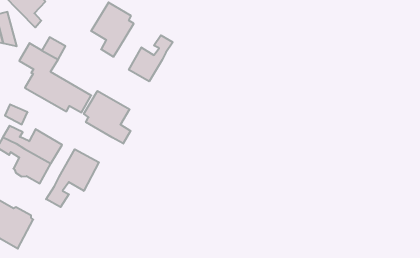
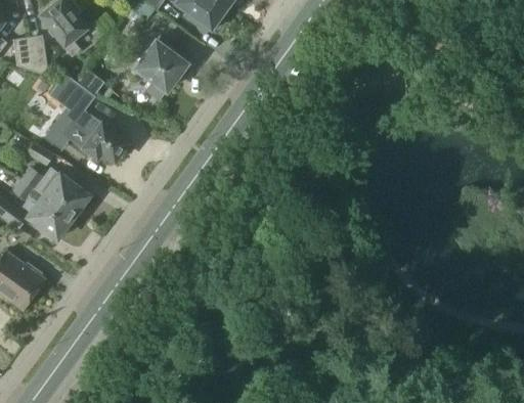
building: [129,35,173,81] -> none
building: [84,91,131,144] -> none
building: [46,149,99,207] -> none

